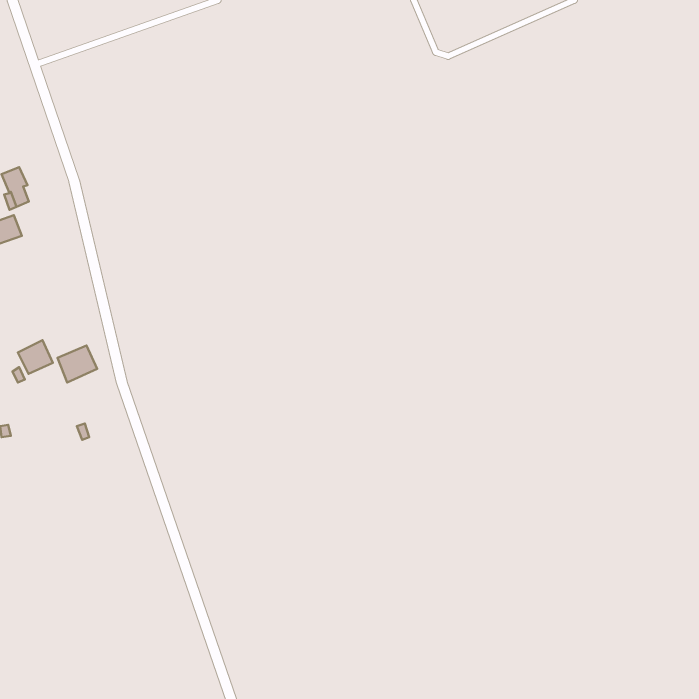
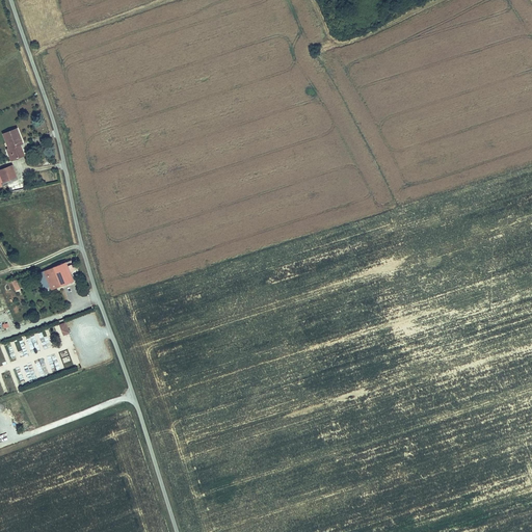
building: [18,340,53,374] -> none

